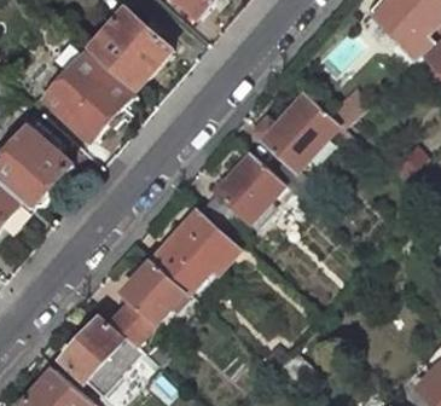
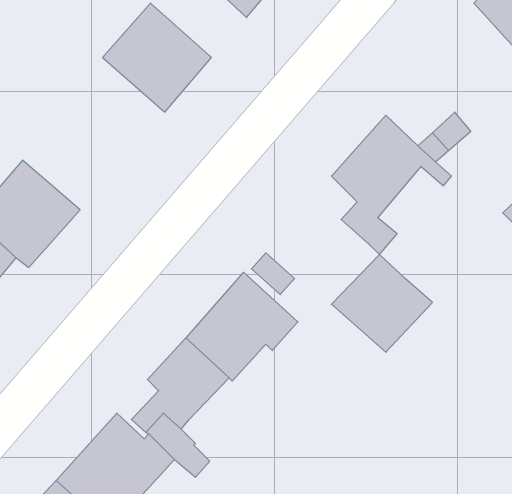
building: [46,56,128,140] -> none
building: [213,153,289,227] -> [331,255,432,352]

